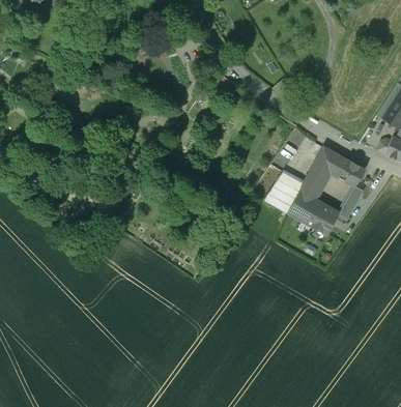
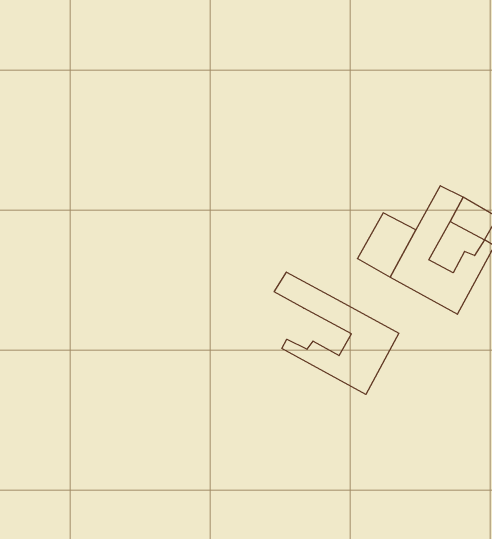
building: none -> [274,272,399,394]

